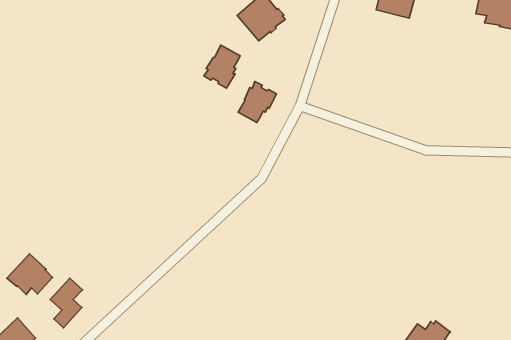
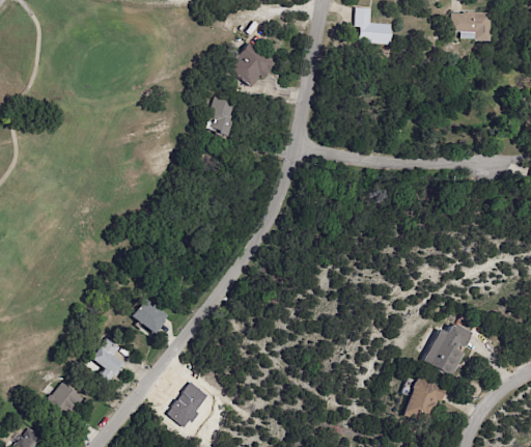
building: [238,82,277,122] -> none
building: none -> [132,297,168,331]
building: [7,254,52,294] -> none

